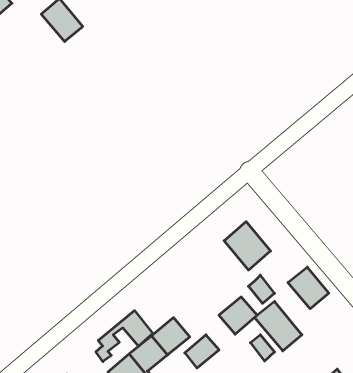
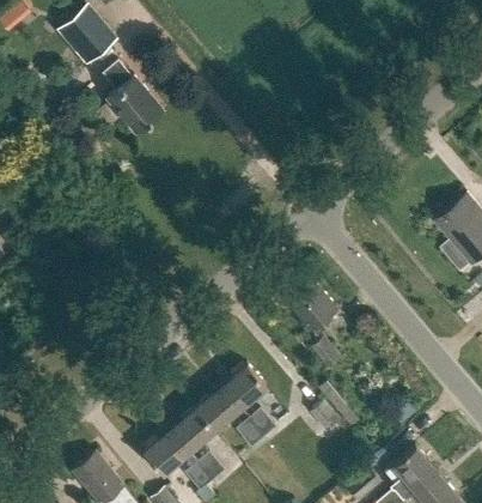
building: none -> [104,61,163,132]
building: [288,267,329,309] -> none
building: [219,297,257,334] -> [221,364,267,408]
building: [96,311,153,362] -> none

